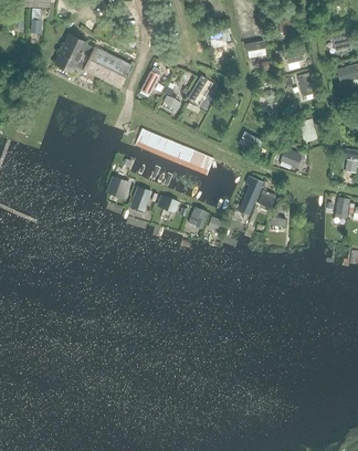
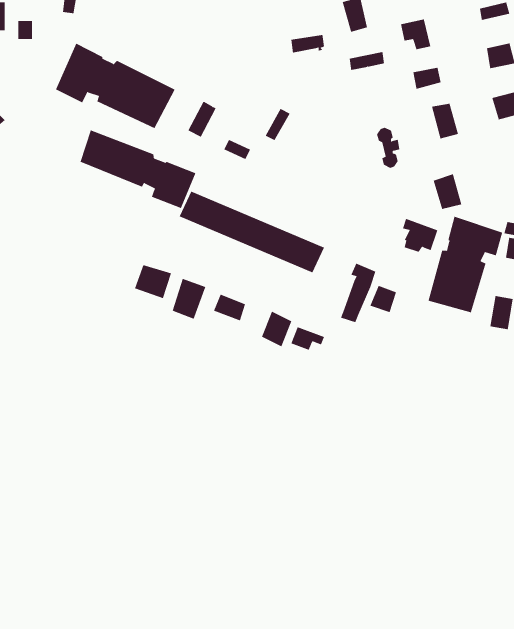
building: none -> [80,130,196,209]
building: none -> [428,216,503,313]

